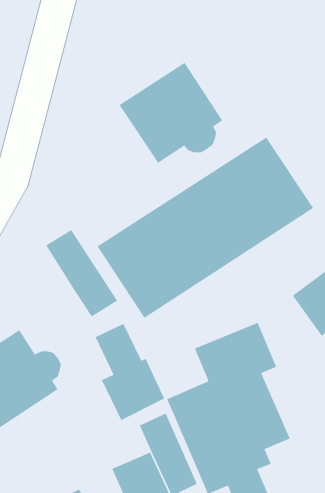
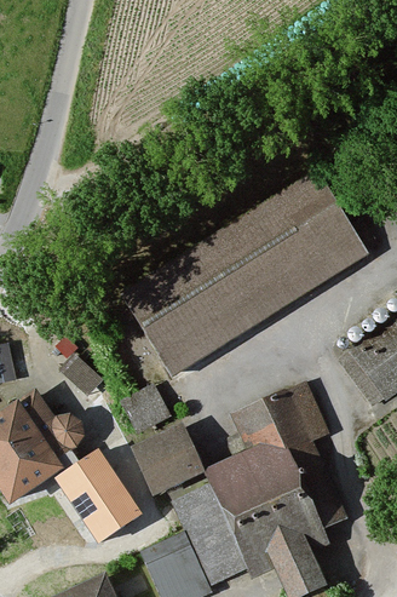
building: [118,62,223,164] -> none
building: [45,229,118,317] -> none
building: none -> [62,452,137,532]

